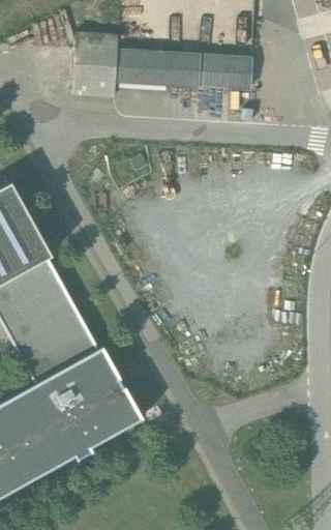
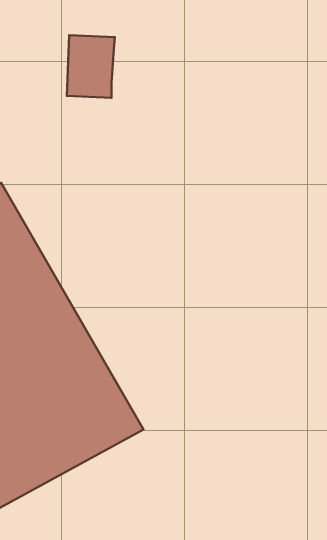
building: [114,50,249,90] -> none

